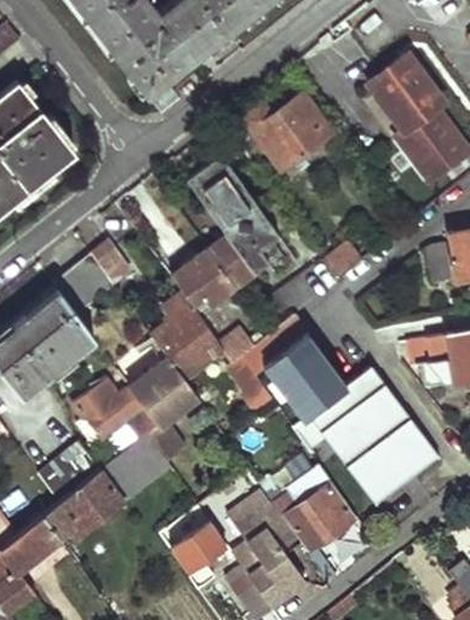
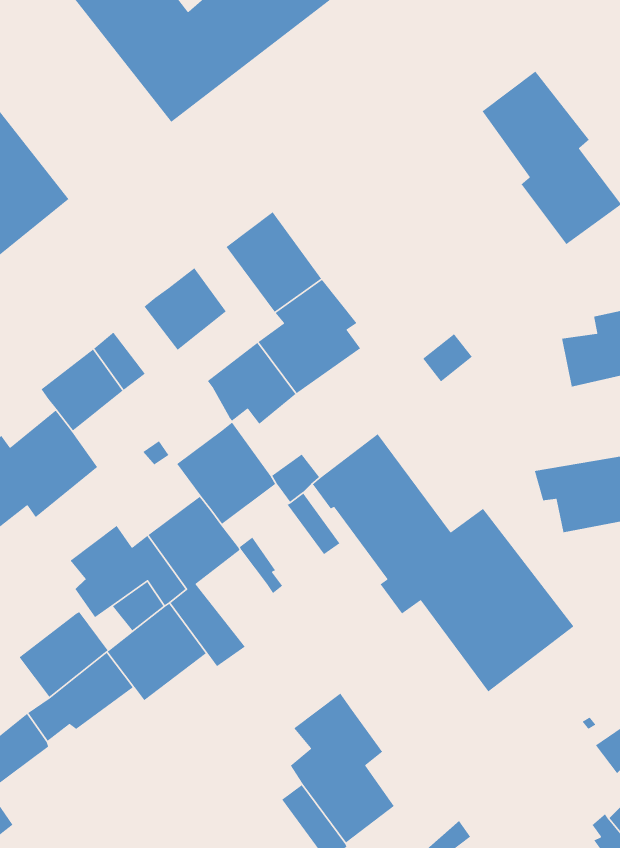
building: [222,92,327,170] -> none
building: none -> [144,267,227,351]
building: [258,461,352,552] -> none
building: [161,522,225,590] -> none

